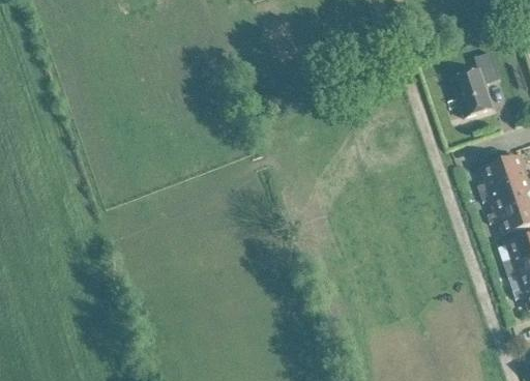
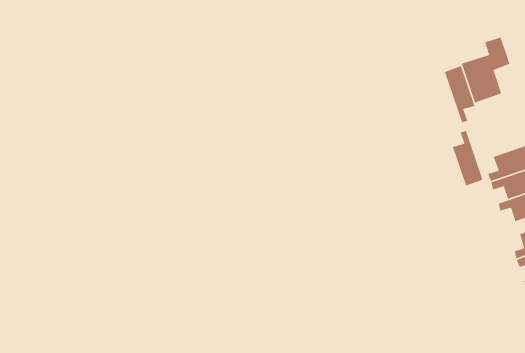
building: none -> [444,65,475,123]
building: none -> [452,130,484,187]

